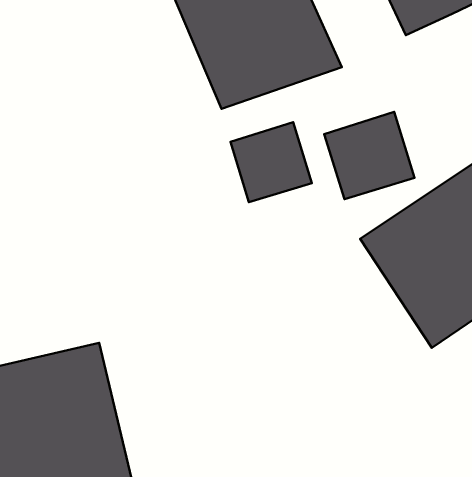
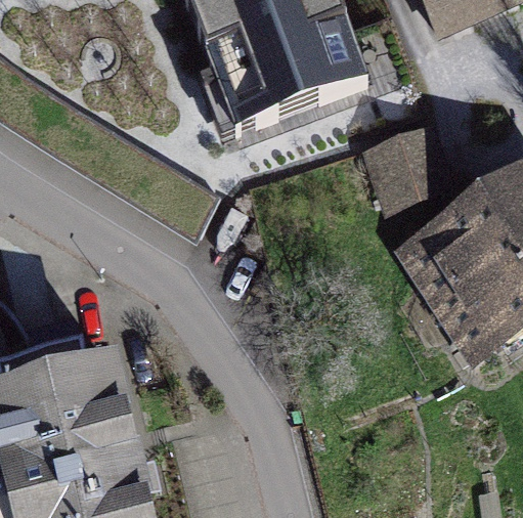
building: [230,122,312,202] -> none

